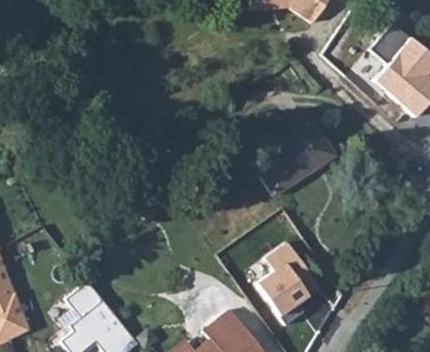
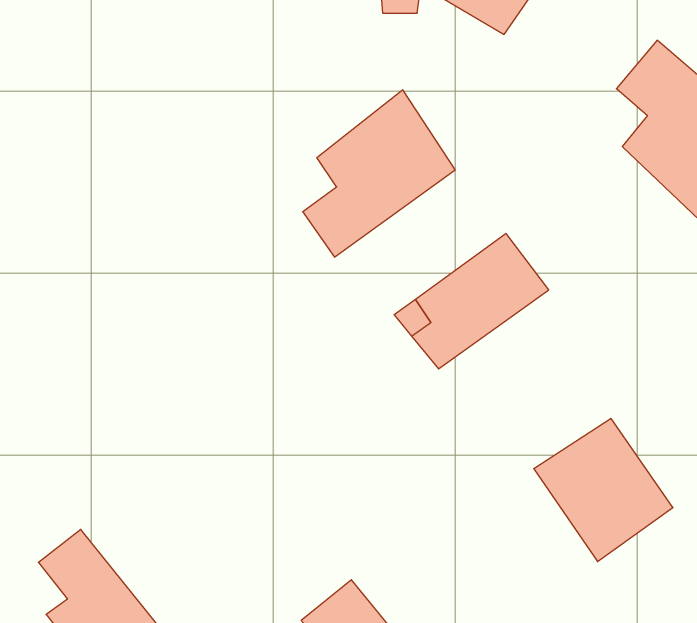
building: none -> [303,90,455,257]
building: [246,244,320,320] -> [534,419,673,562]

